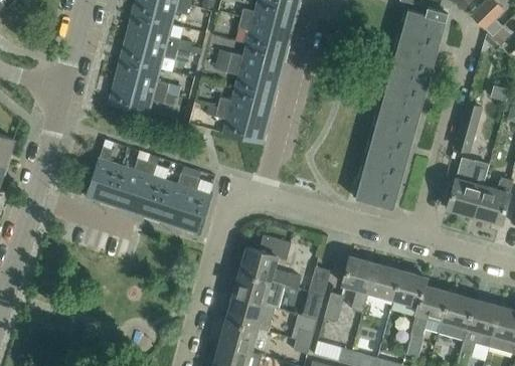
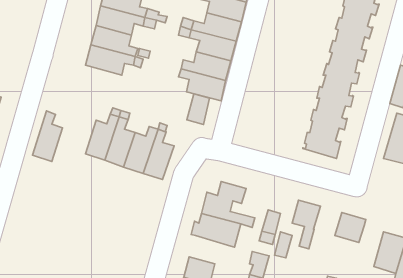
building: none -> [187,94,210,125]
building: [87,147,121,204] -> [32,111,63,161]
building: [367,263,399,297] -> none
building: [409,286,447,338] -> none
building: [226,297,274,333] -> none

